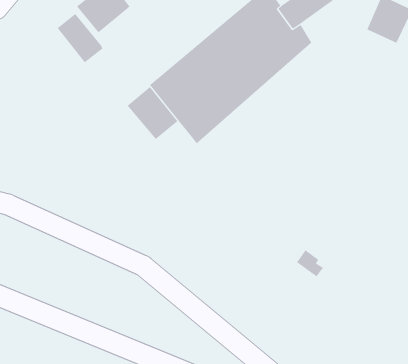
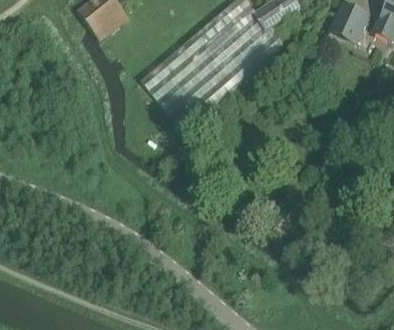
building: [57,13,103,63] -> none
building: [127,86,178,140] -> none

